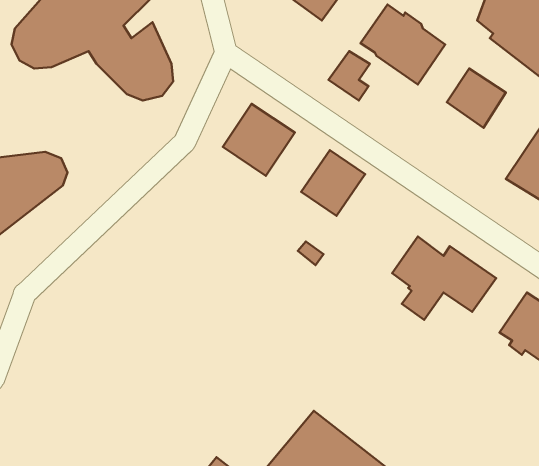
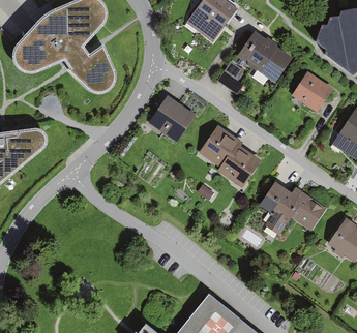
building: none -> [218,144,261,187]

